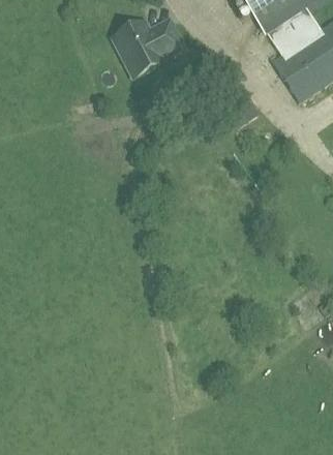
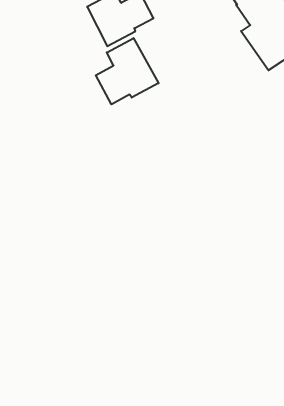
building: none -> [96,38,159,104]

